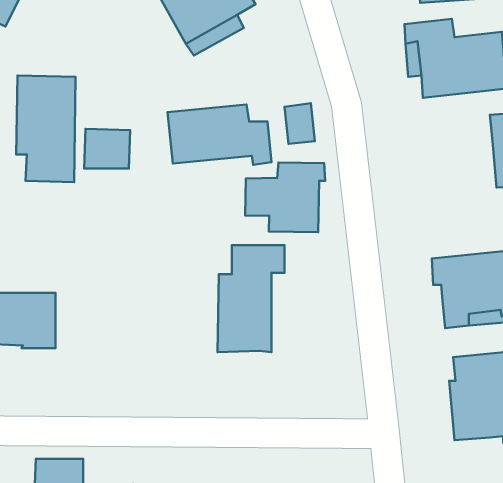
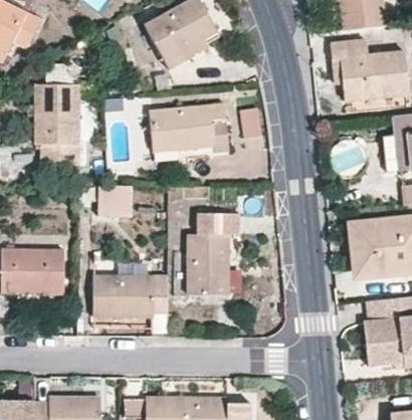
building: [84,129,130,168] -> [94,184,130,214]
building: [245,162,325,232] -> none
building: none -> [92,276,168,318]

